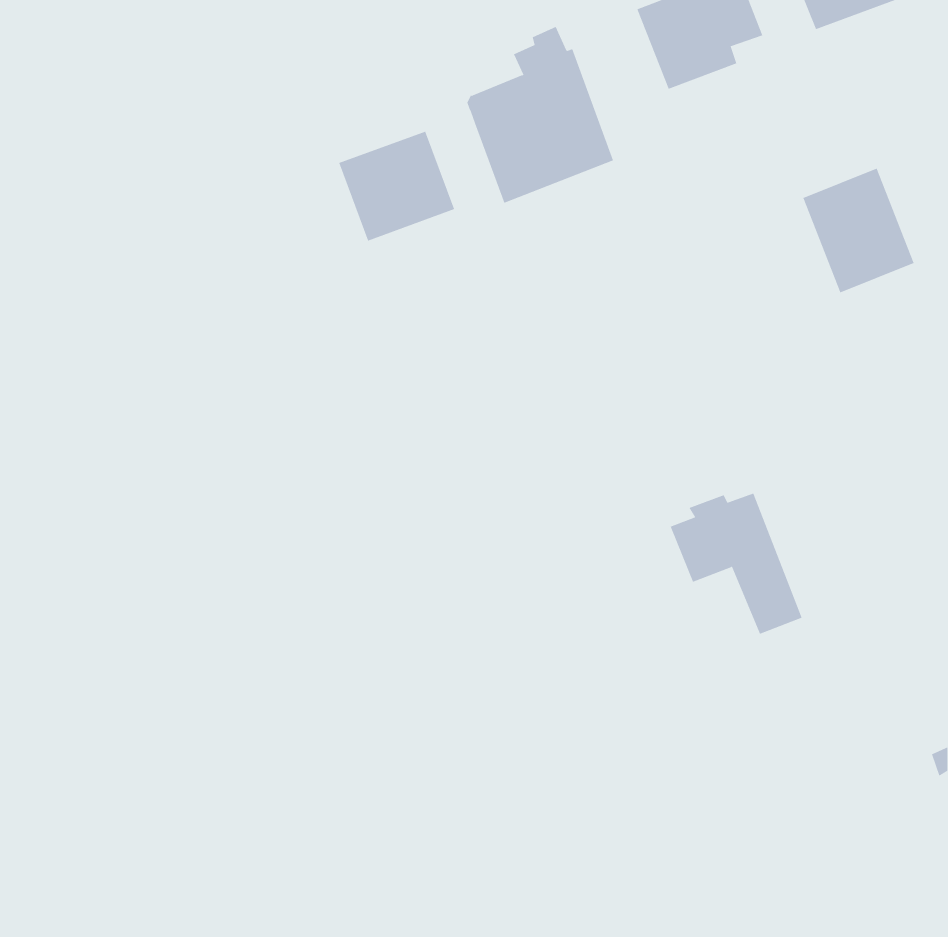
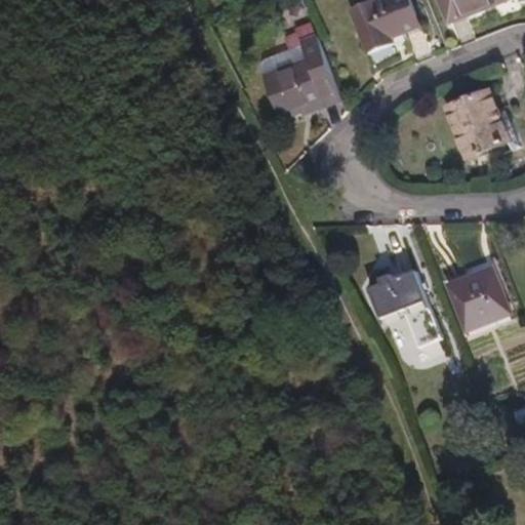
building: [339,131,455,242] -> none
building: none -> [447,271,509,332]

